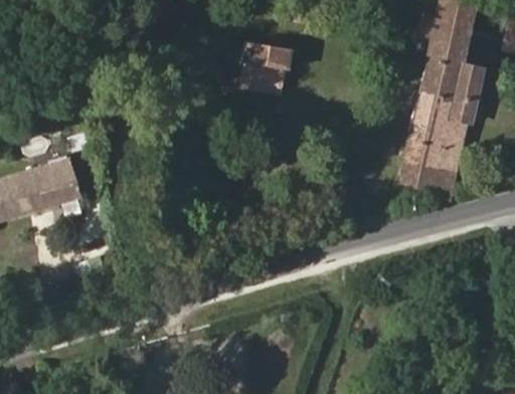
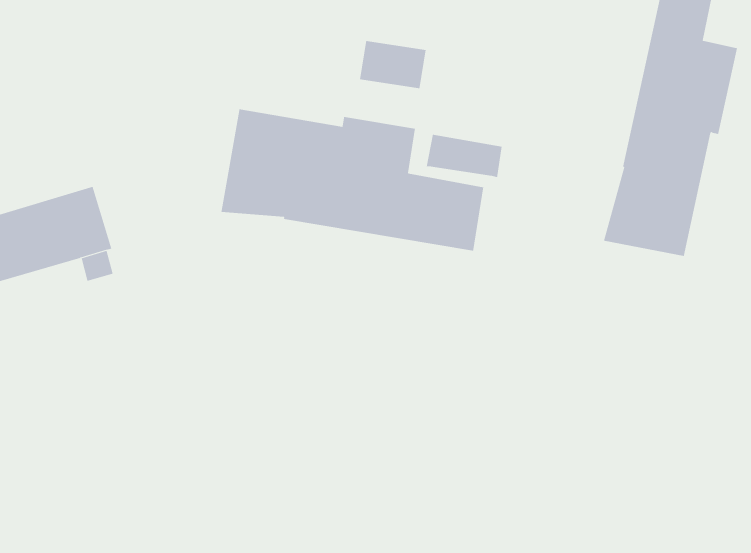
building: [240,41,290,69] -> [426,134,503,178]
building: none -> [221,108,484,251]

